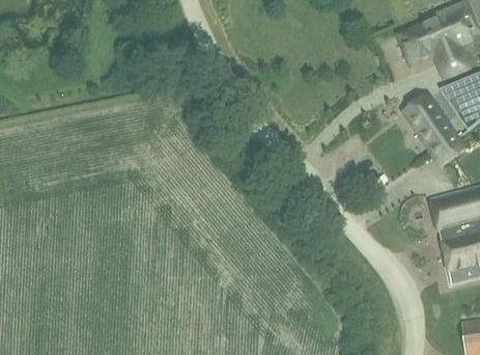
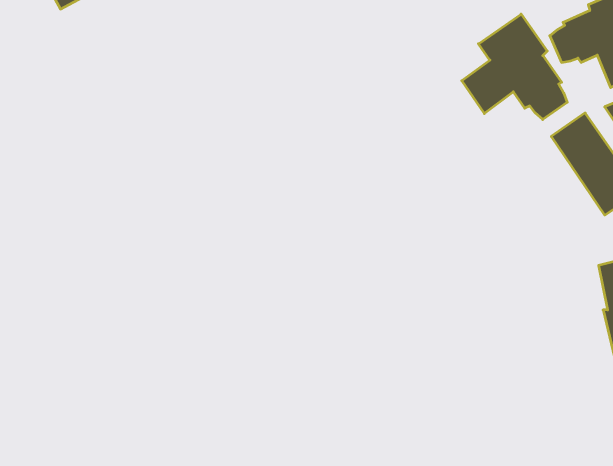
building: none -> [462,14,567,120]

